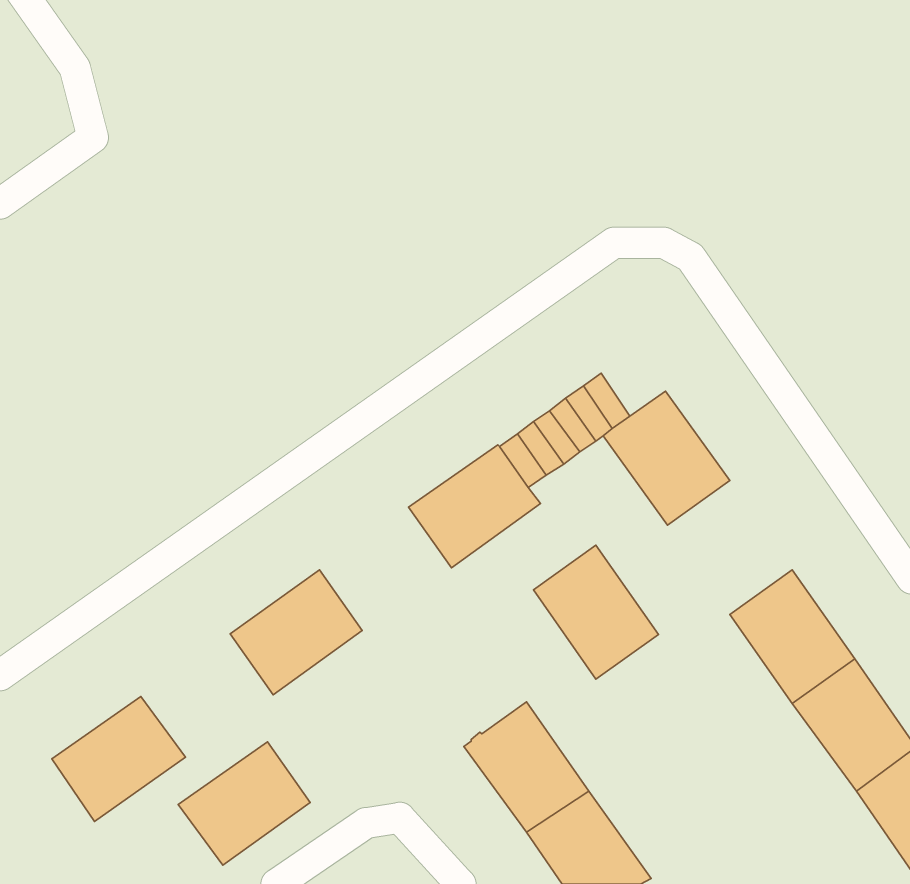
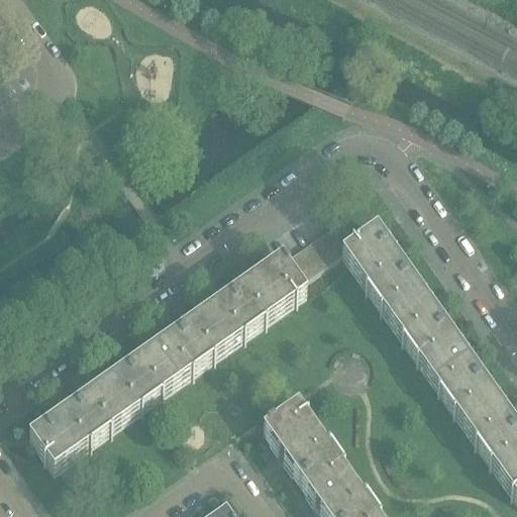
building: none -> [182,287,256,356]
building: [533,545,658,679] -> [379,272,449,347]
building: [178,742,310,865] -> [81,358,156,428]

